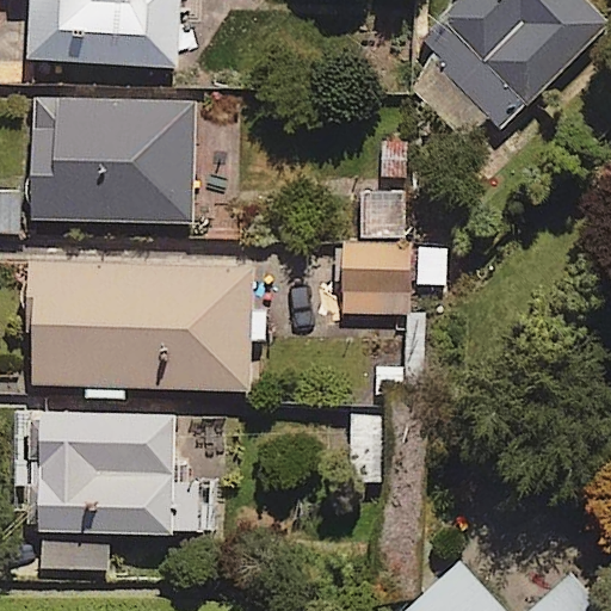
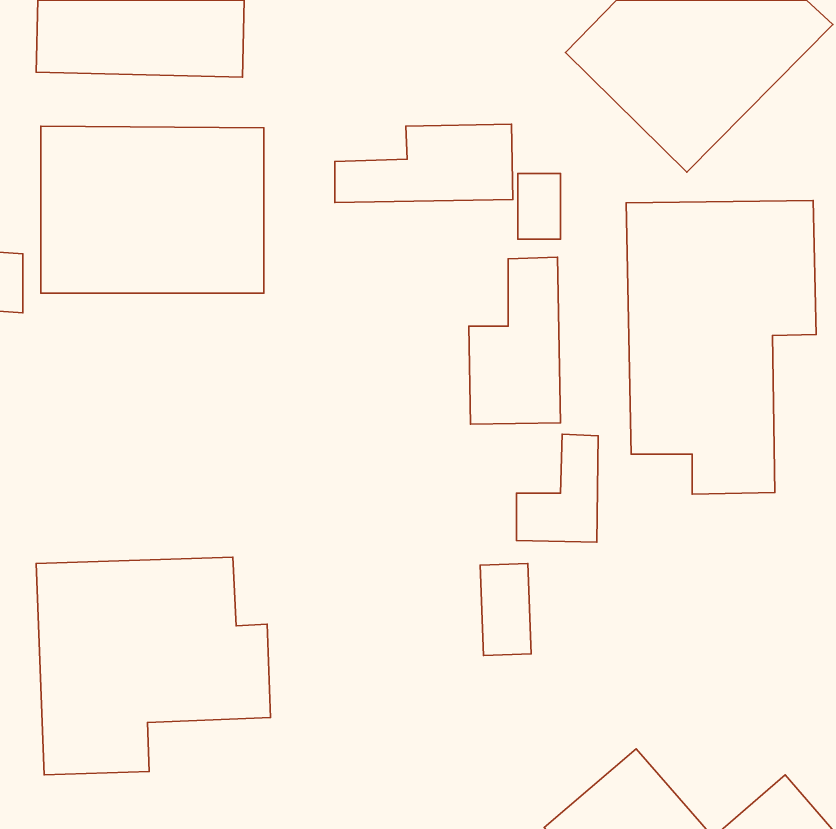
building: none -> [335,124,513,203]
building: none -> [626,200,816,494]
building: [30,260,264,399] -> none

